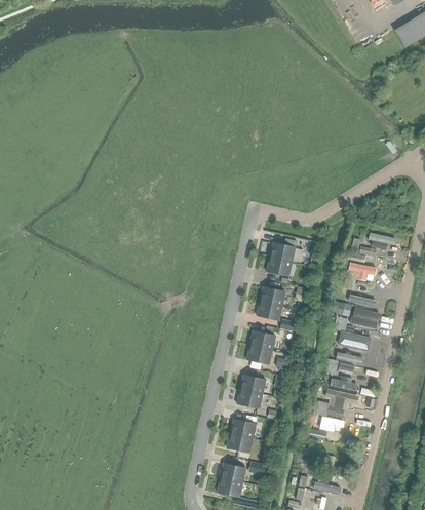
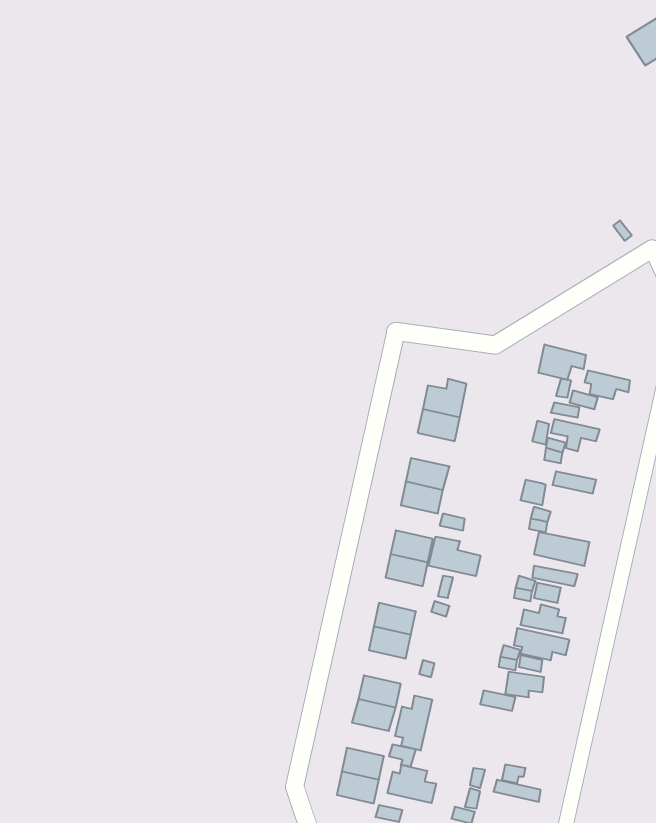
building: none -> [538,344,586,380]
building: [352,309,381,330] -> none
building: none -> [428,537,481,576]
building: none -> [395,696,432,751]
building: none -> [388,765,436,803]

